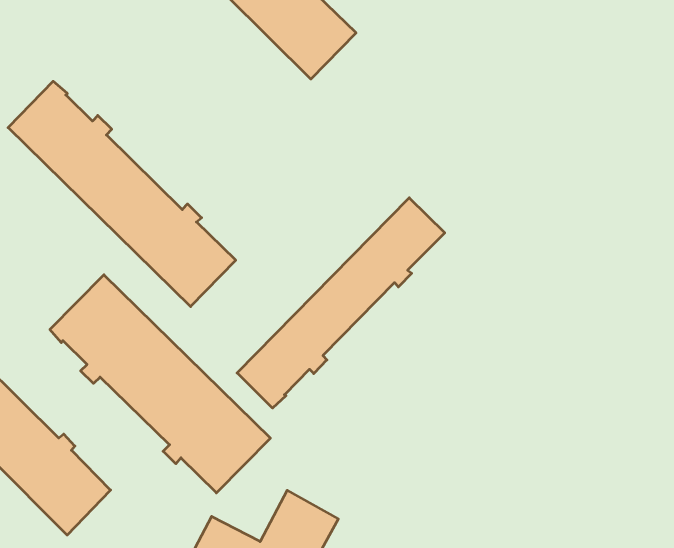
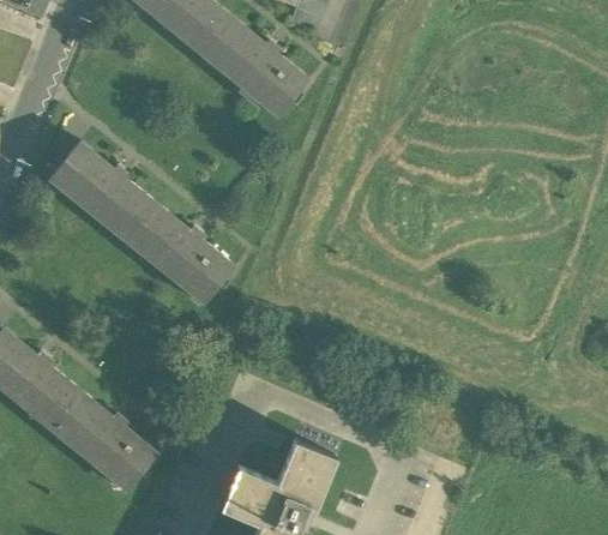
building: [237,198,445,408] -> none
building: [50,275,270,493] -> none

